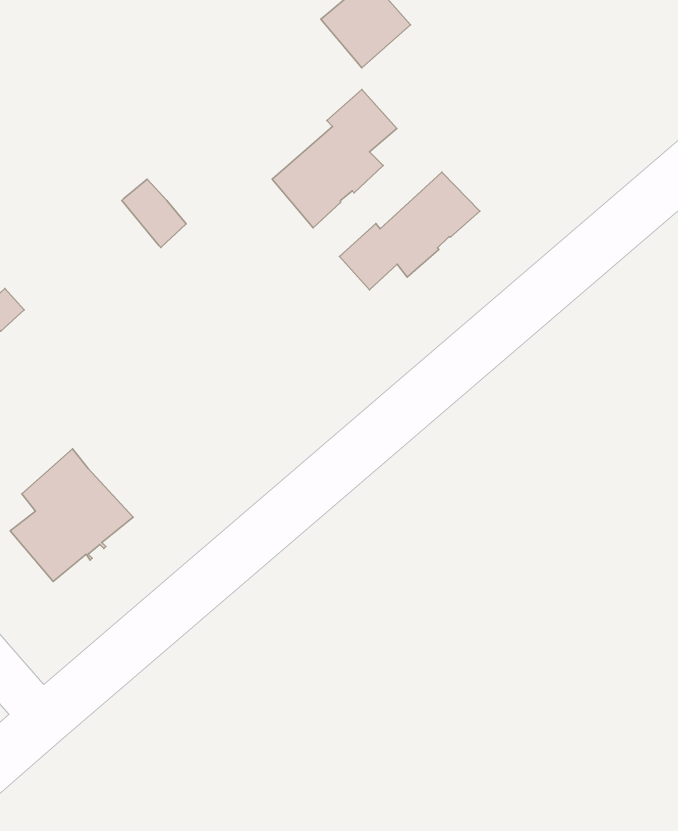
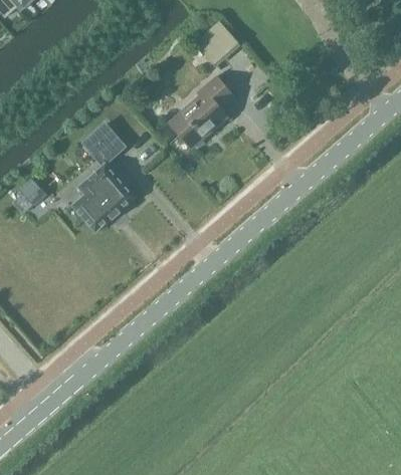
building: [340,172,480,290] -> none
building: [10,449,133,582] -> [70,163,134,231]

